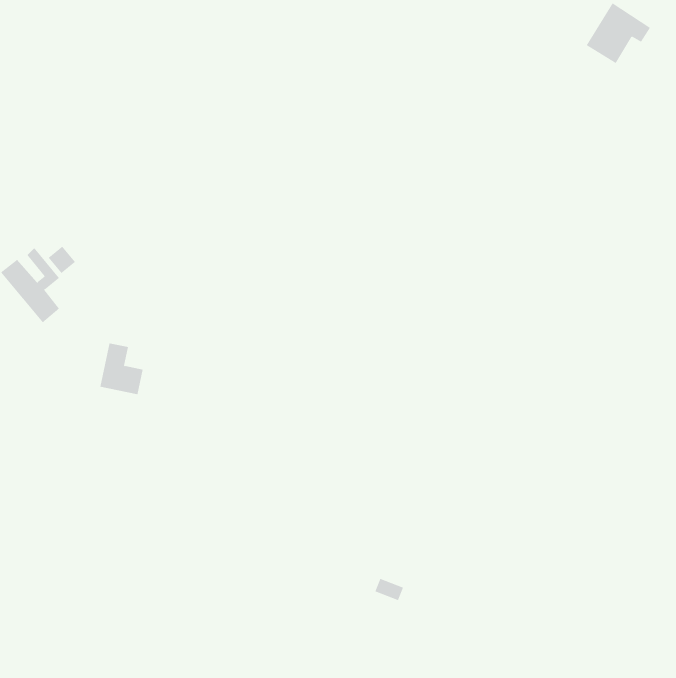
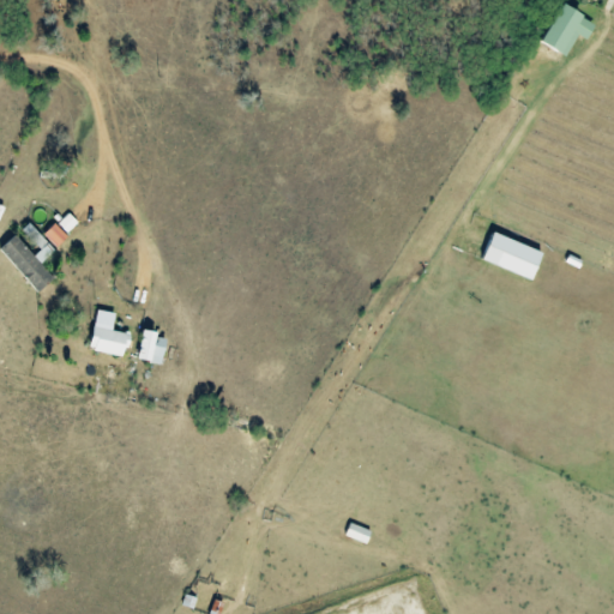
building: none -> [475,233,536,278]
building: none -> [142,330,171,363]

